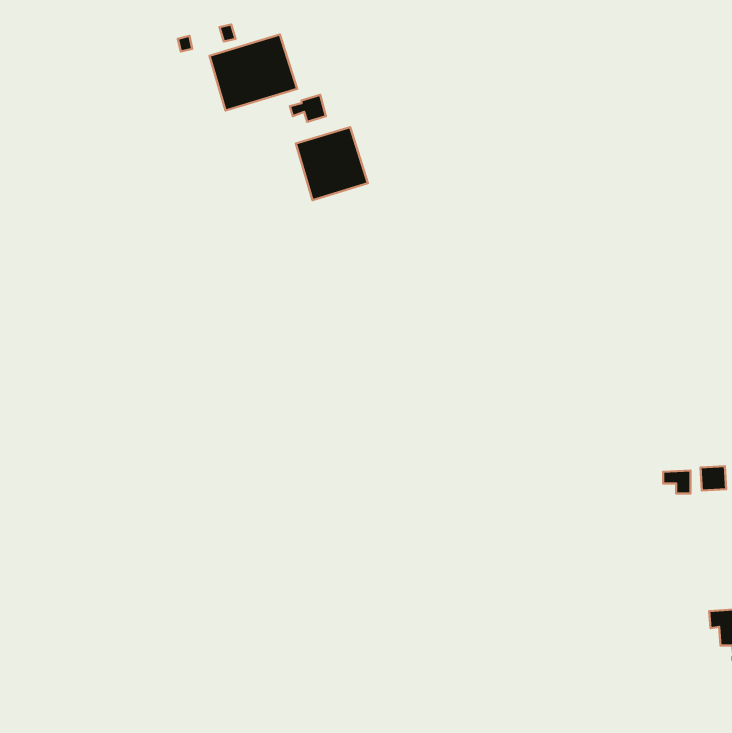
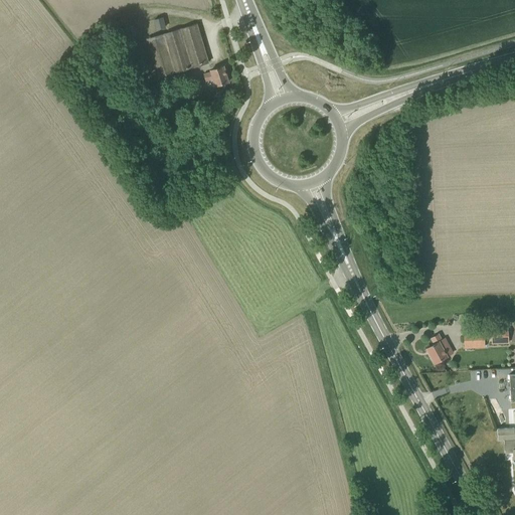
building: [296,127,368,200] -> none
building: none -> [427,334,455,363]

